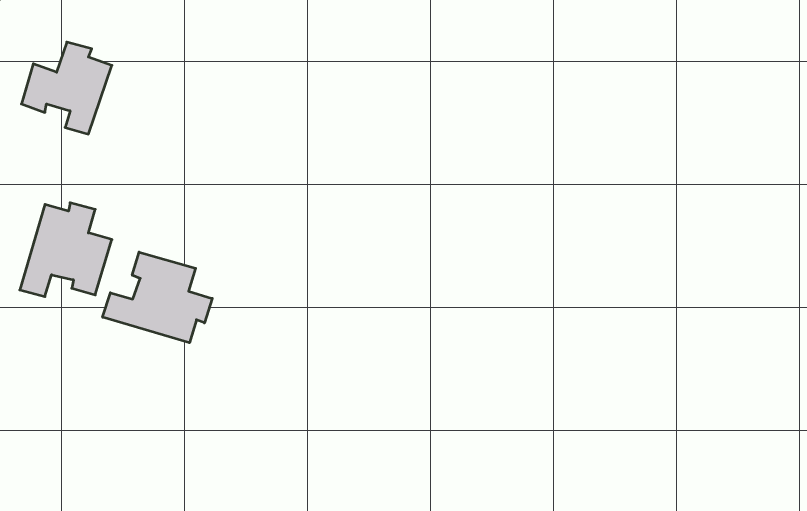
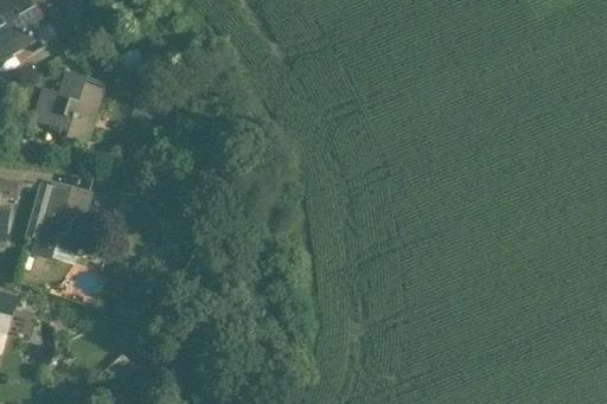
building: [103,252,212,343] -> none

